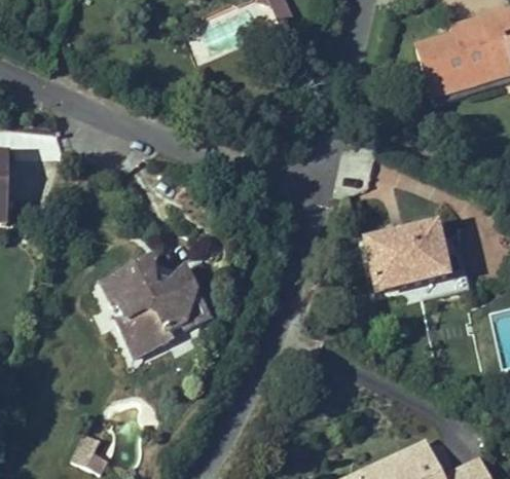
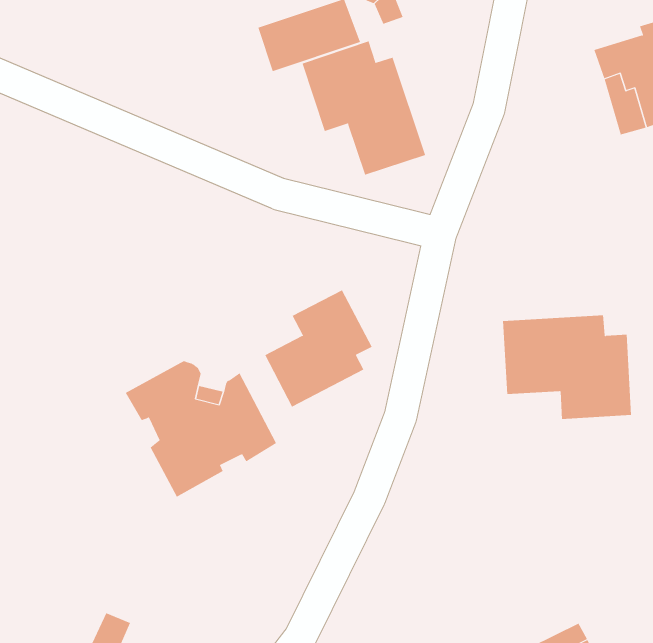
building: none -> [302,41,426,176]
building: none -> [265,289,372,408]

